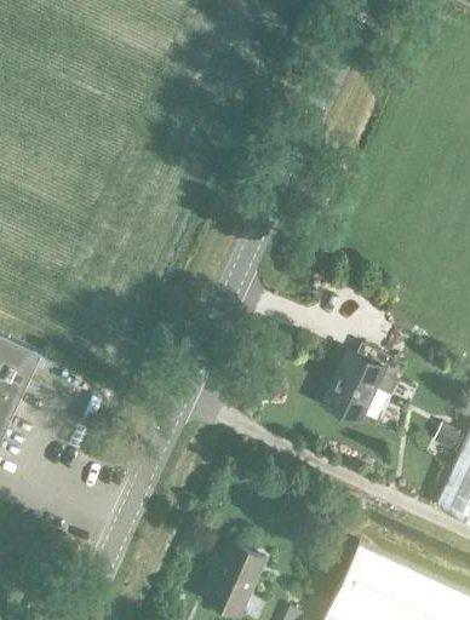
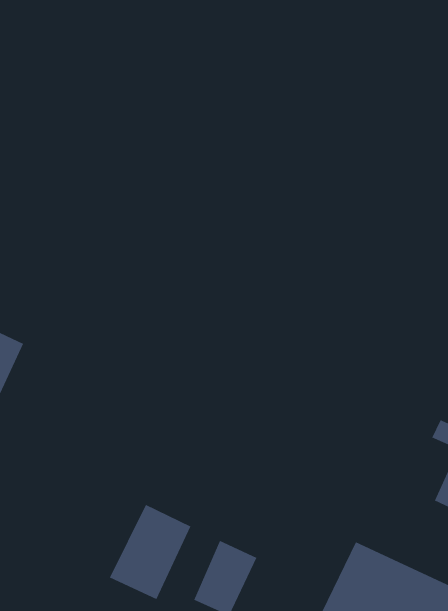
building: [320,345,405,421] -> none
building: none -> [109,504,191,600]

